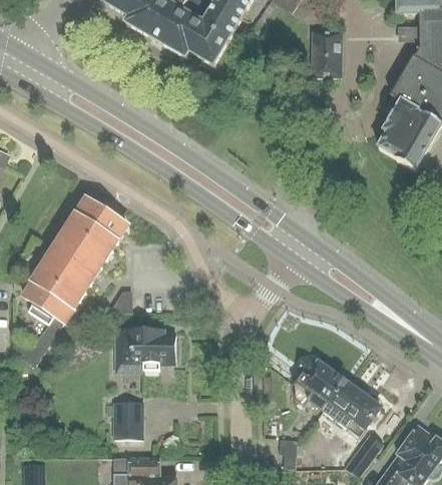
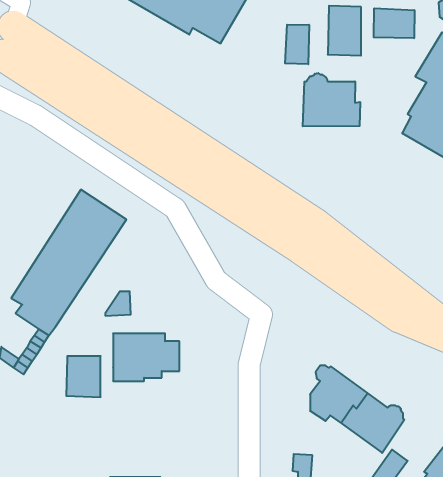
building: none -> [374,8,414,38]
building: none -> [285,25,309,64]
building: none -> [303,73,360,126]
building: [112,401,143,438] -> [66,356,101,397]

